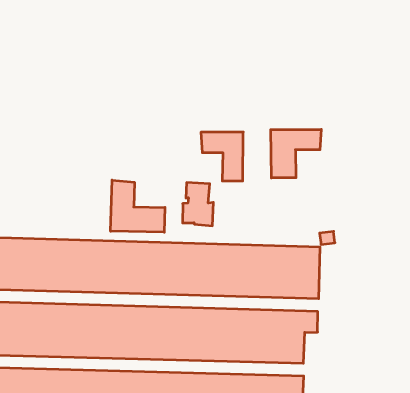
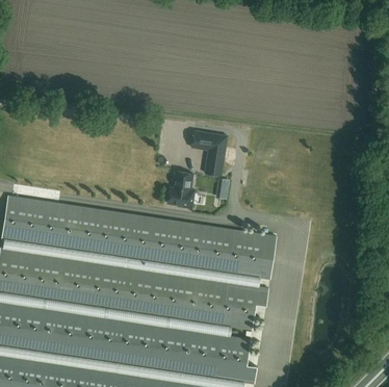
building: [271,129,321,178] -> none
building: [111,180,165,232] -> none

